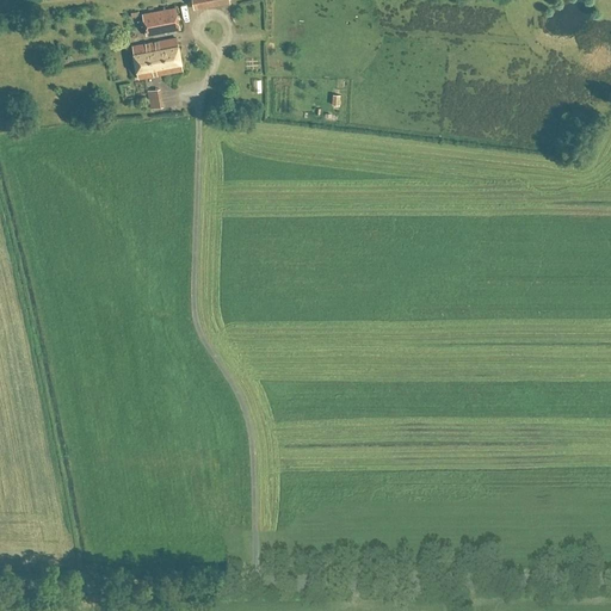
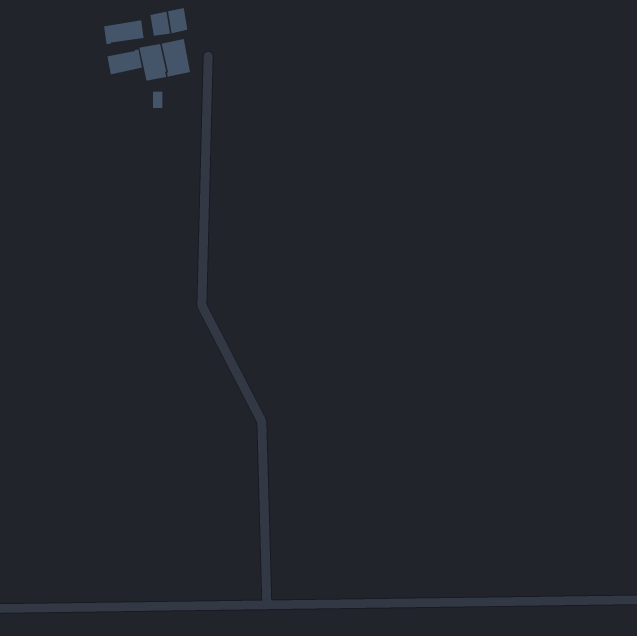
building: none -> [104,20,144,45]
building: none -> [107,49,142,75]

